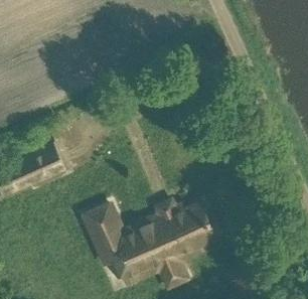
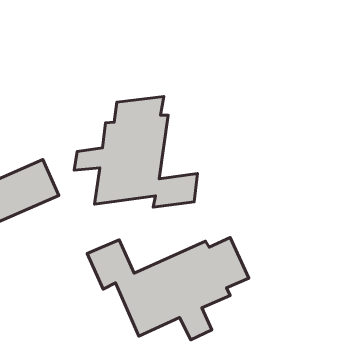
building: none -> [74,96,197,207]

